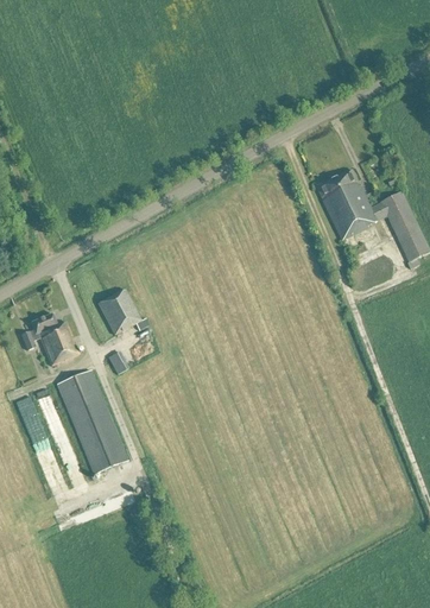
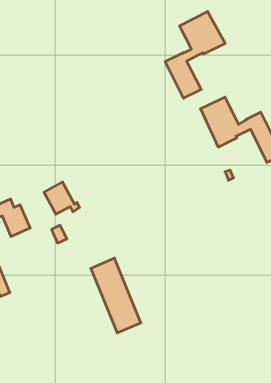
building: none -> [165,11,225,98]
building: [57,369,127,474] -> [91,258,141,333]

